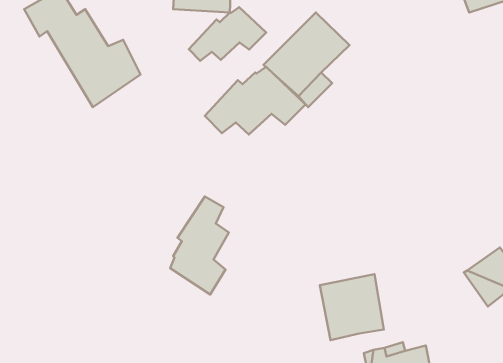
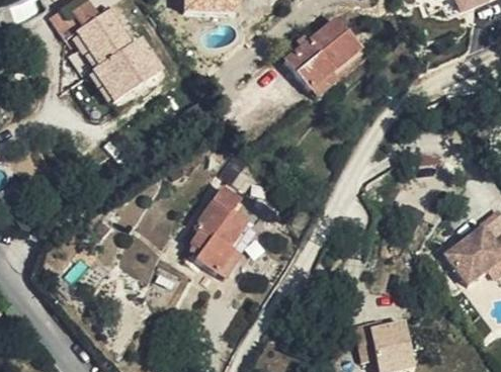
building: [189,7,266,61] -> none
building: [205,67,305,135] -> none
building: [320,274,384,340] -> none

